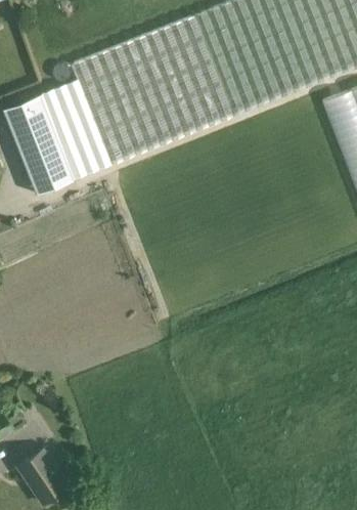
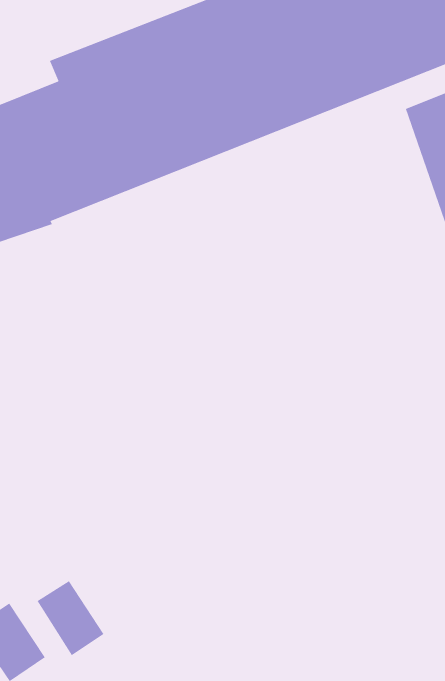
building: none -> [37,580,105,656]

